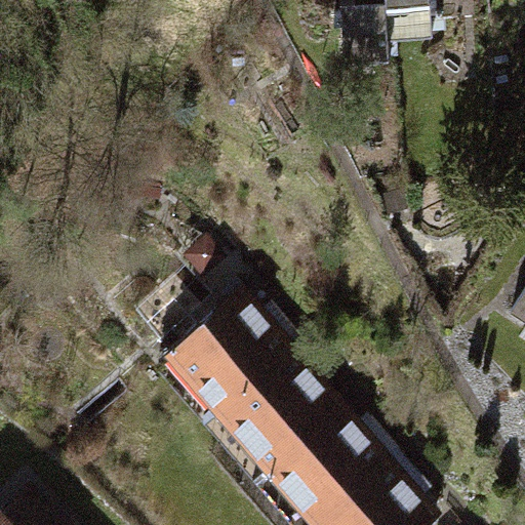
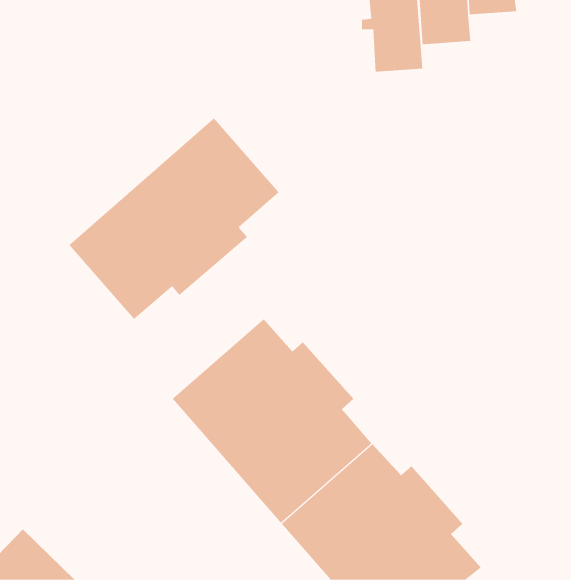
building: none -> [69,118,279,320]

